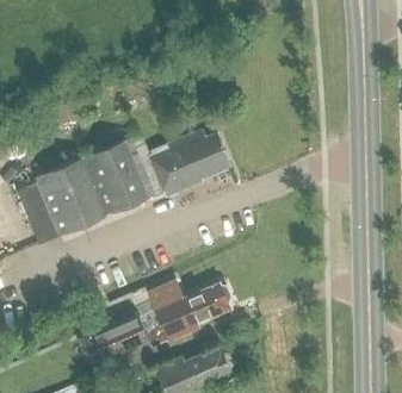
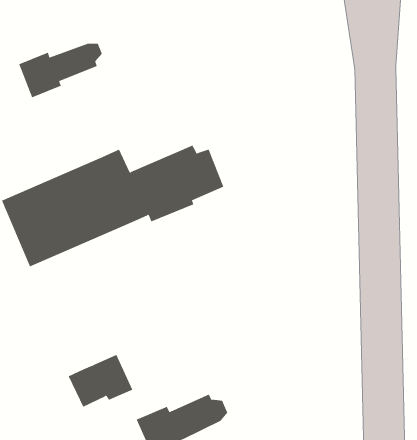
building: none -> [18,43,102,98]
building: [143,281,228,343] -> none

